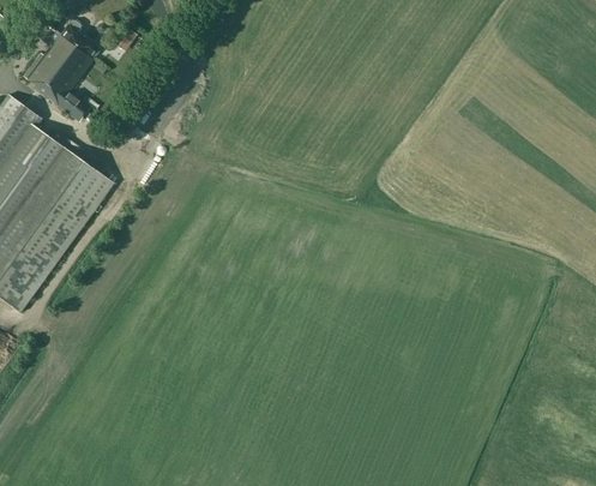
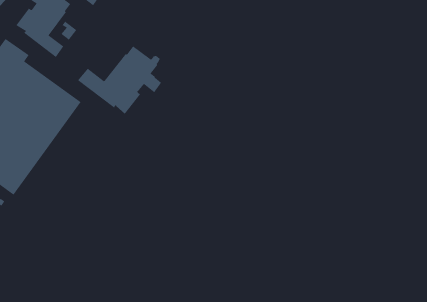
building: none -> [77,46,162,115]

